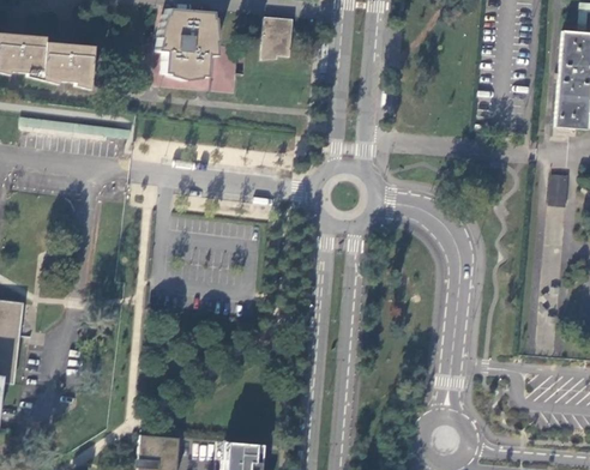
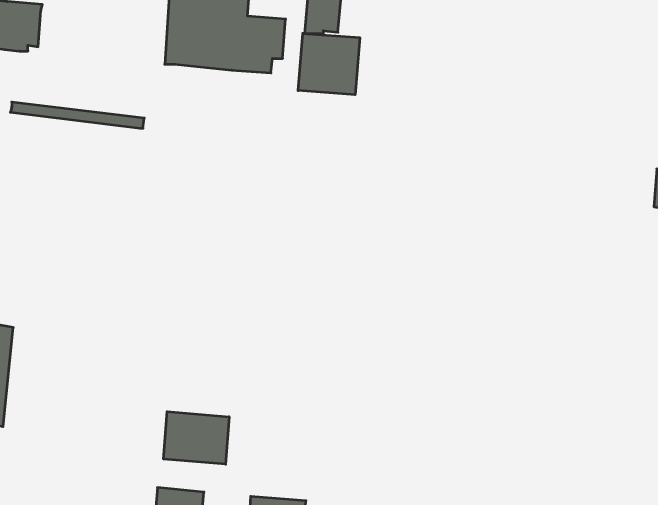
building: [26,41,95,89] -> none
building: none -> [298,33,360,95]
building: none -> [164,412,229,464]

